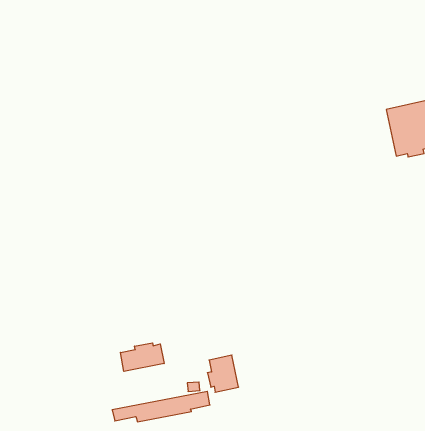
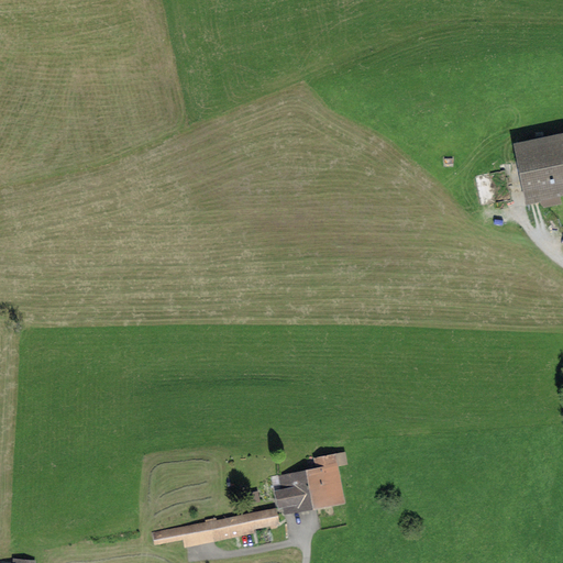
building: [120,343,164,371] -> none
building: none -> [310,449,349,505]

